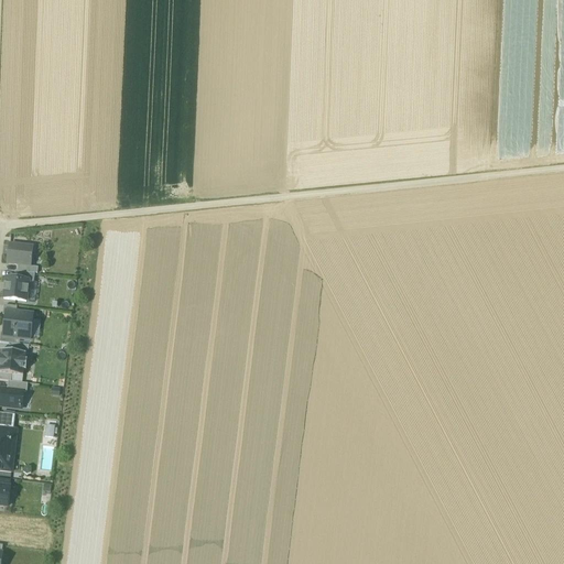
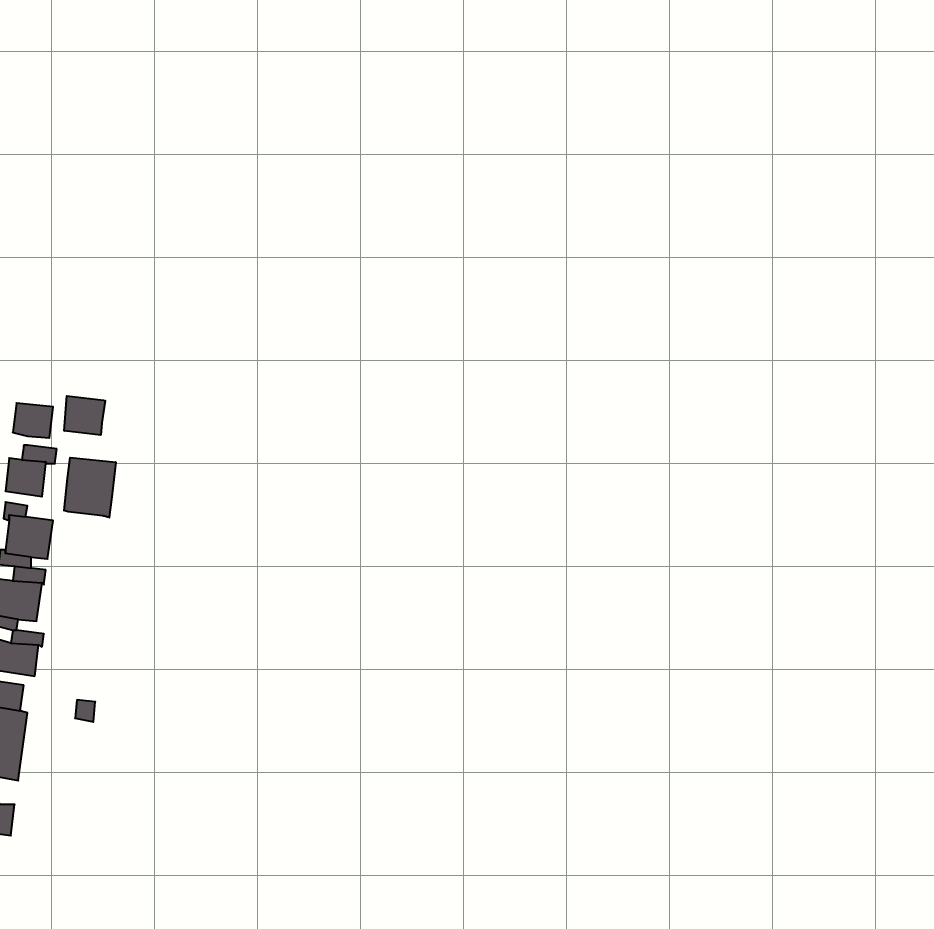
building: none -> [64,396,105,435]
building: none -> [64,458,116,518]

